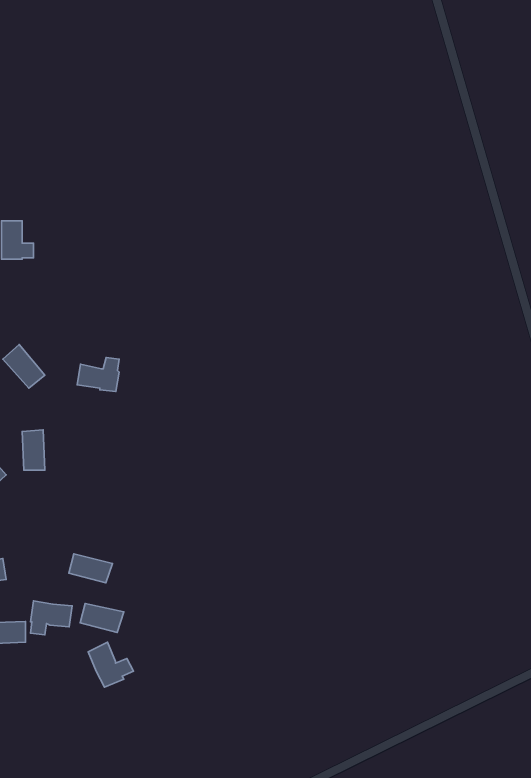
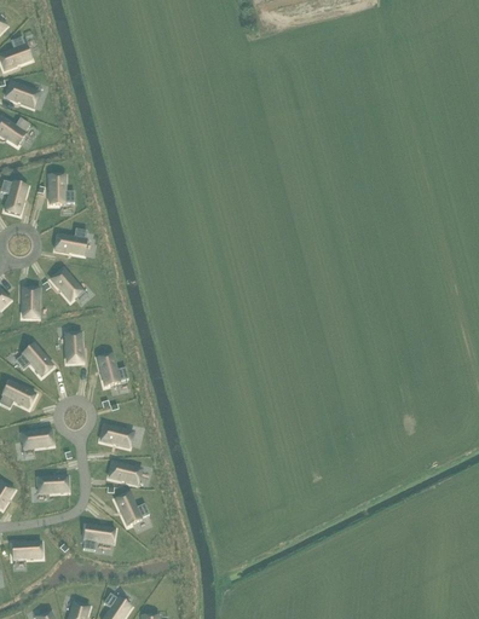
building: [77,358,119,391] -> [53,230,85,255]
building: none -> [96,354,126,387]
building: [30,601,72,635] -> [82,525,114,550]

